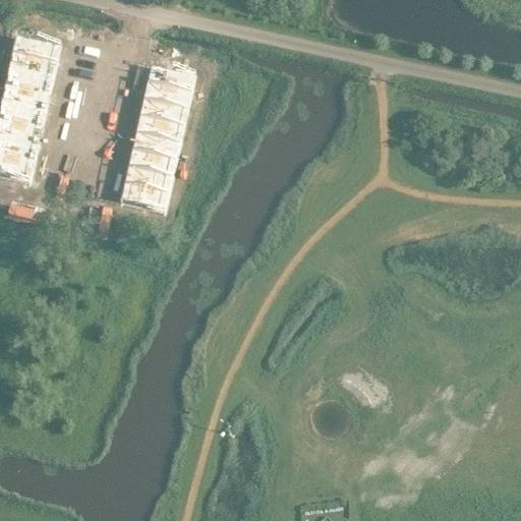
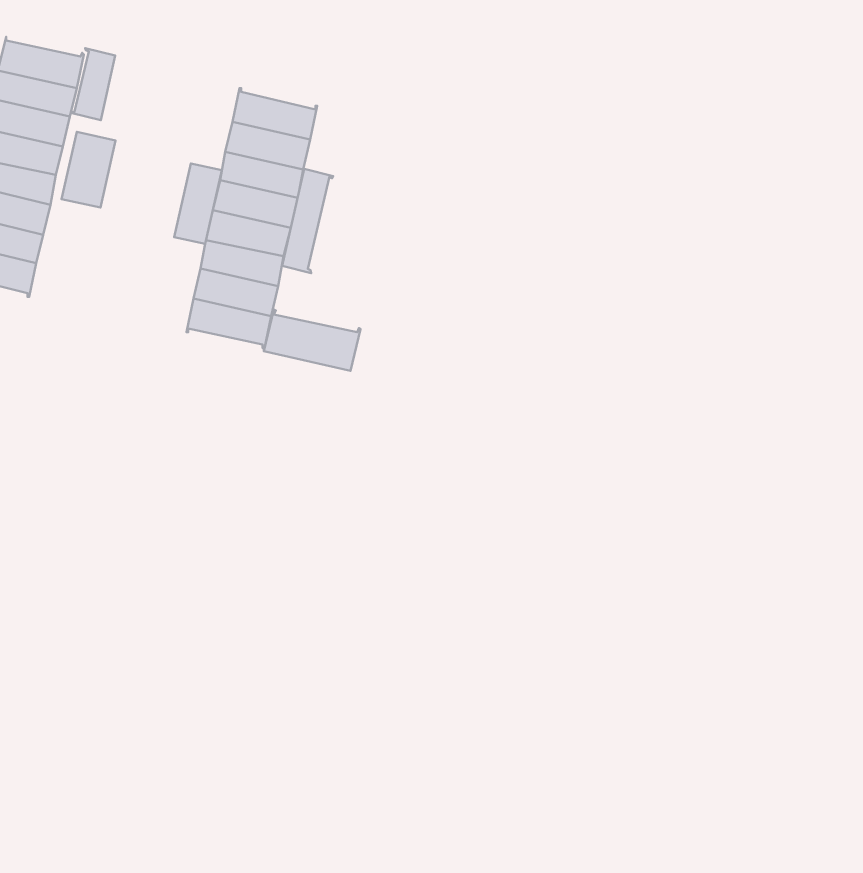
building: none -> [71,48,115,120]
building: none -> [62,132,116,208]
building: none -> [174,163,222,244]
building: none -> [282,169,333,273]
building: none -> [264,310,361,371]

